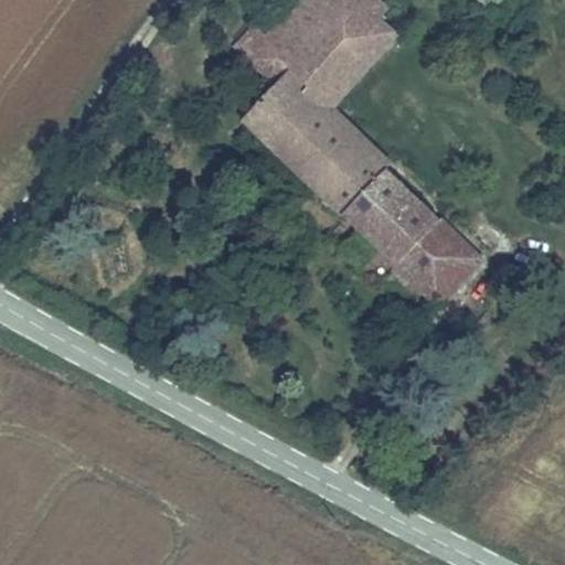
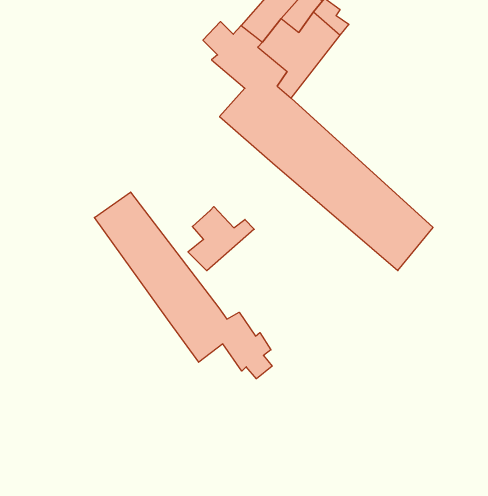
building: none -> [94,192,272,379]
building: none -> [188,207,254,271]

